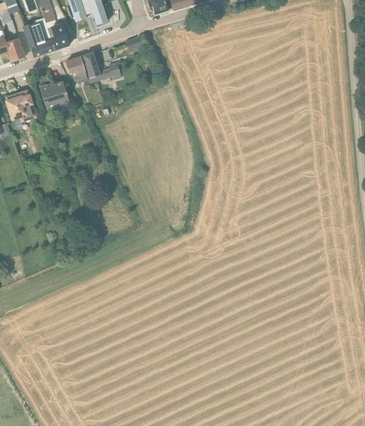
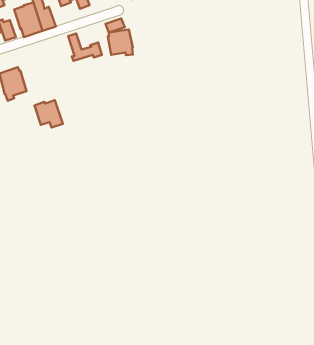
building: none -> [108,30,133,55]
building: [65,55,89,85] -> none
building: [39,79,71,110] -> [35,100,63,128]

